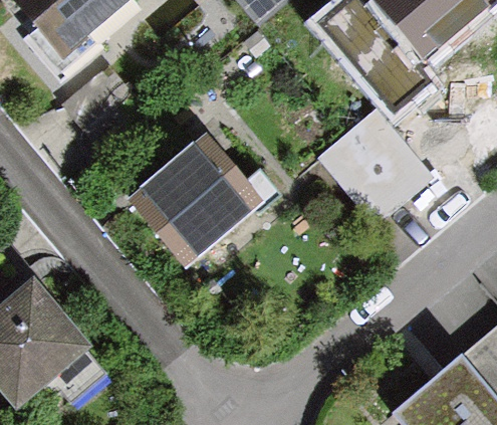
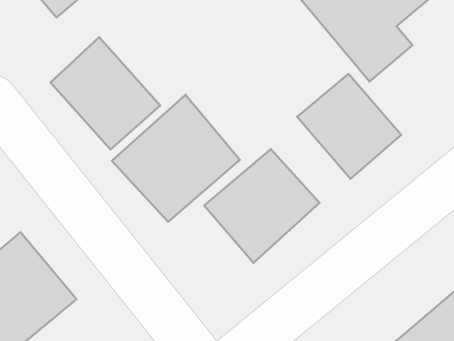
building: none -> [50,37,160,149]
building: none -> [204,149,319,263]

